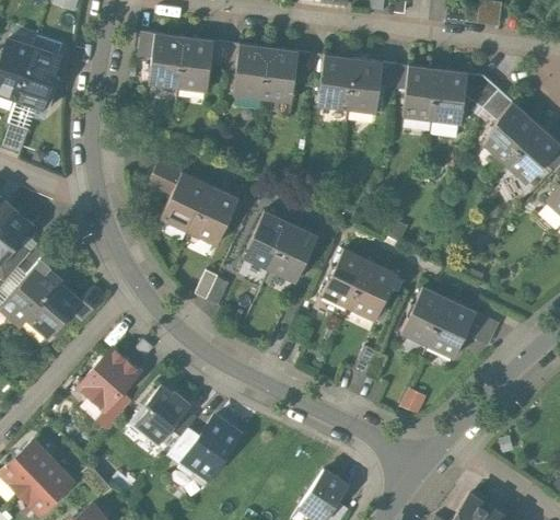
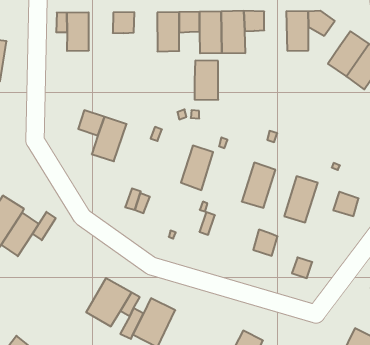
building: [175,36,213,90] -> none
building: [233,44,270,99] -> [195,61,218,100]
building: [402,66,438,120] -> none
building: [482,90,517,124] -> none
building: [188,187,238,247] -> none
building: [243,213,293,273] -> none
building: [319,247,370,308] -> none
building: [425,297,476,359] -> none
building: [72,343,142,413] -> none

